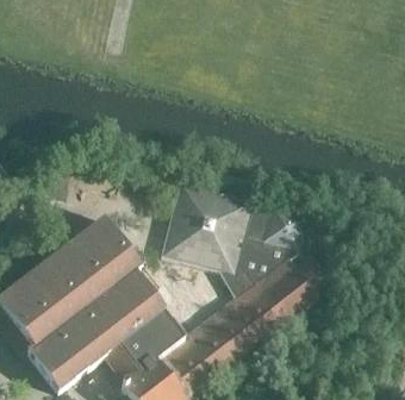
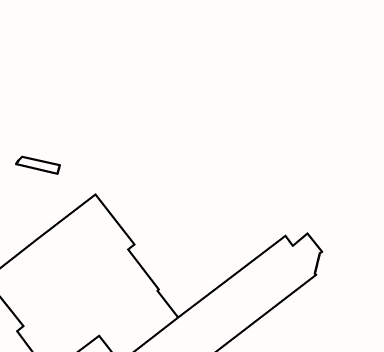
building: [163,181,310,298] -> none

